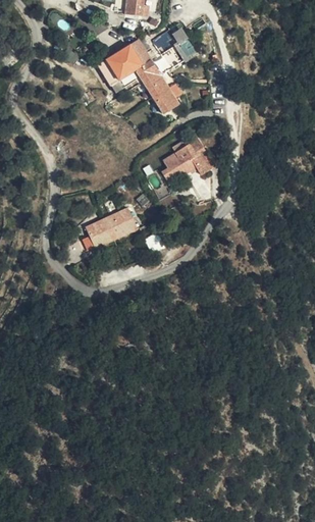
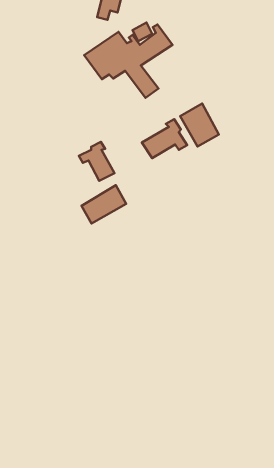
building: none -> [180,103,219,146]
building: none -> [79,142,114,181]

